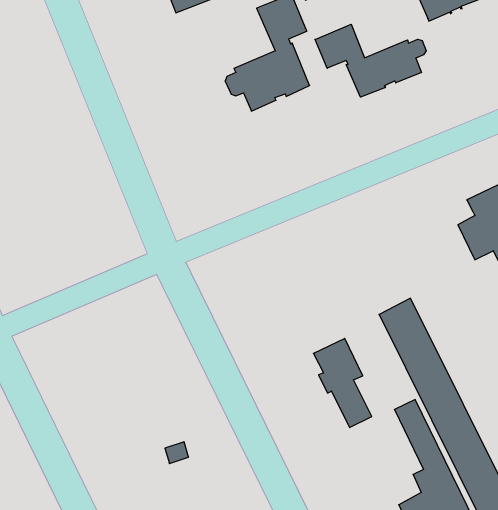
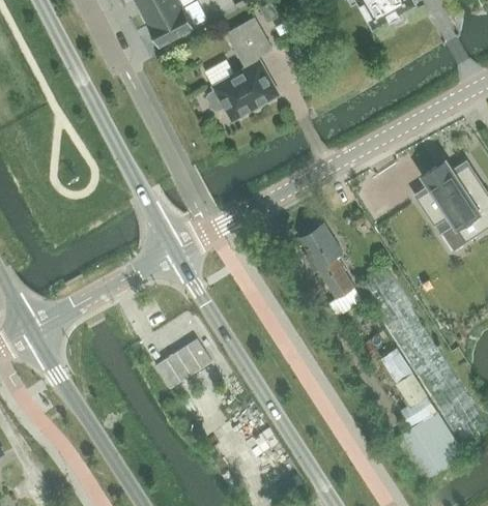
building: [315,24,426,97] -> none
building: [313,338,372,427] -> [298,224,353,298]
building: none -> [154,338,210,387]

